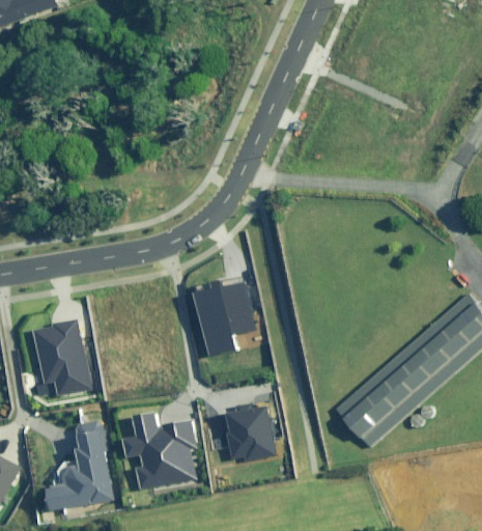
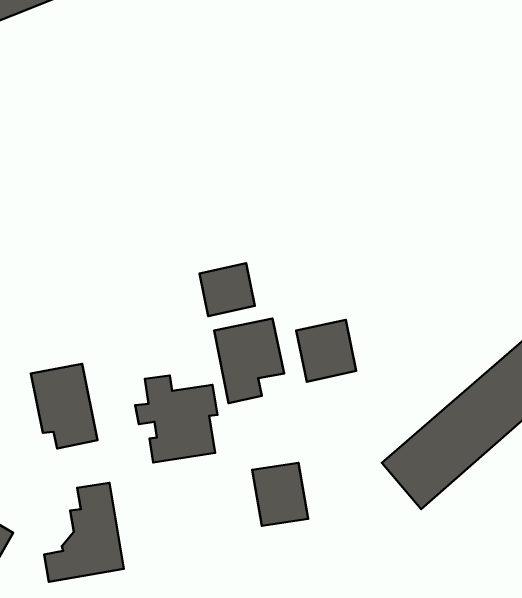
building: none -> [199,263,255,316]
building: none -> [296,320,356,382]
building: [123,412,195,487] -> [135,375,217,462]

